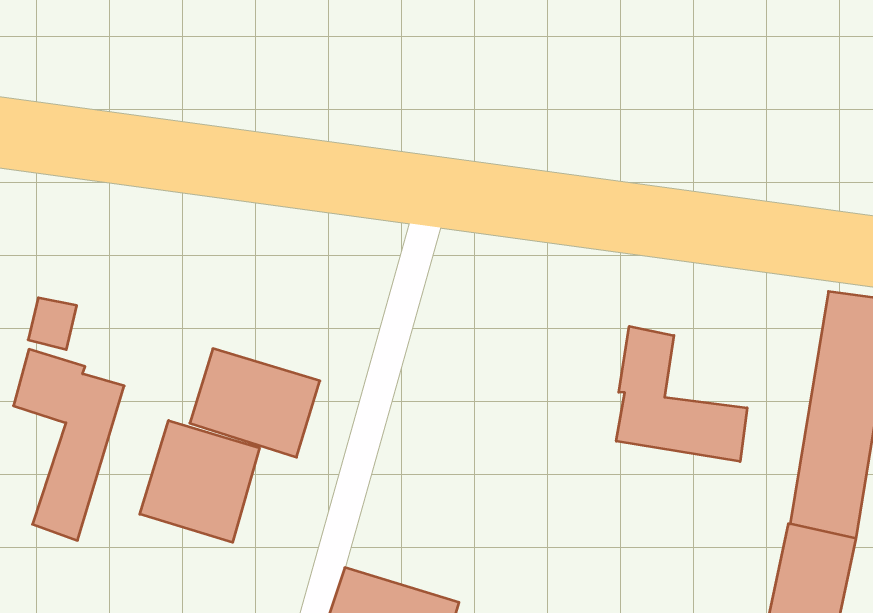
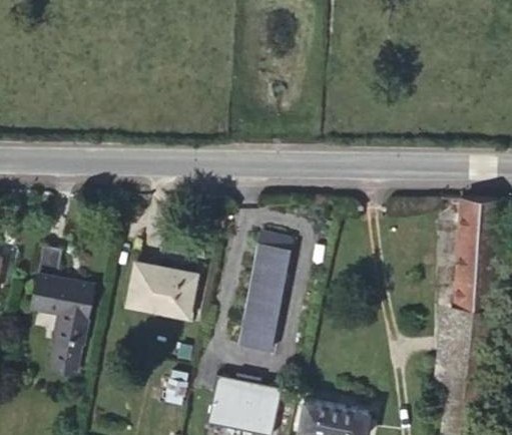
building: none -> [237,234,291,353]
building: [616,326,747,462] -> none
building: [140,420,259,542] -> none

